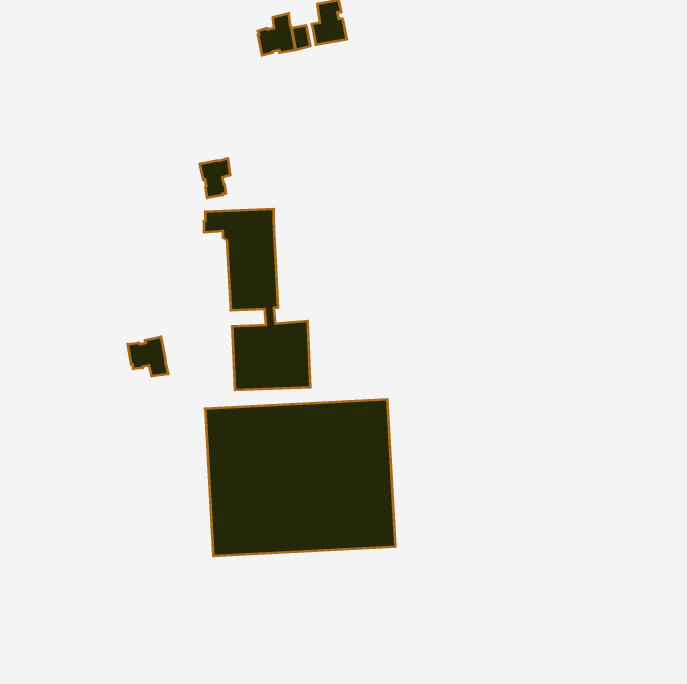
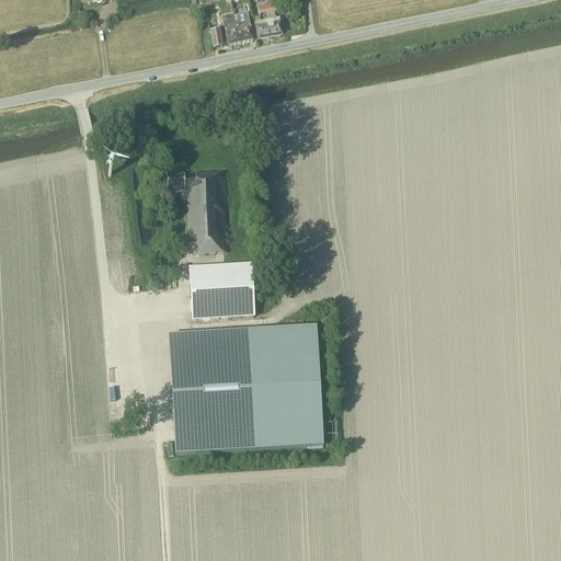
building: [200,158,230,198] -> none
building: [128,337,168,376] -> none

